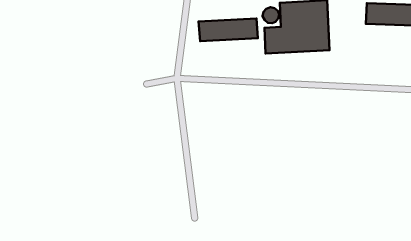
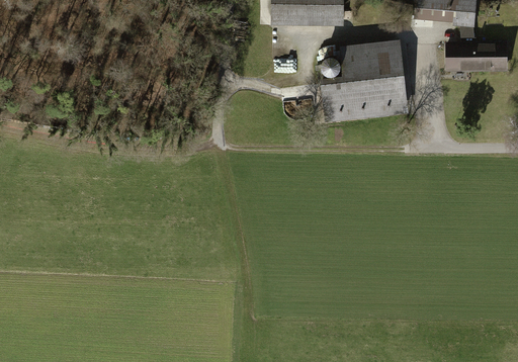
building: [199,19,258,41] -> none

